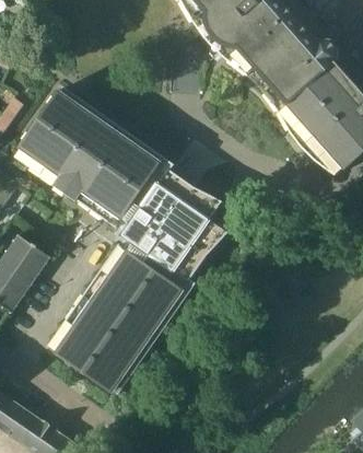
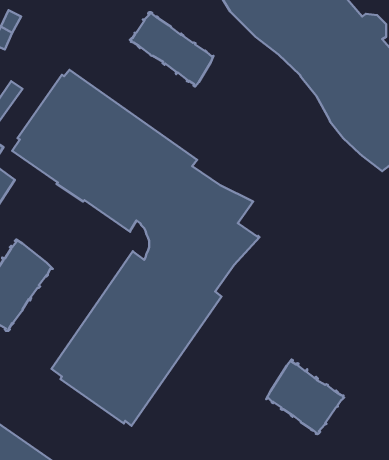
building: none -> [130,12,213,86]
building: none -> [266,360,344,434]

